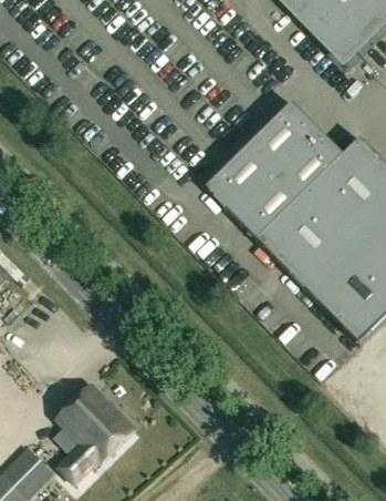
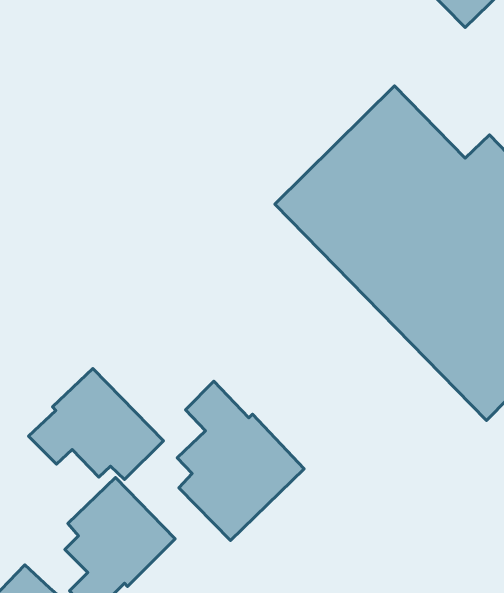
building: none -> [28,369,163,479]
building: none -> [177,381,304,541]

